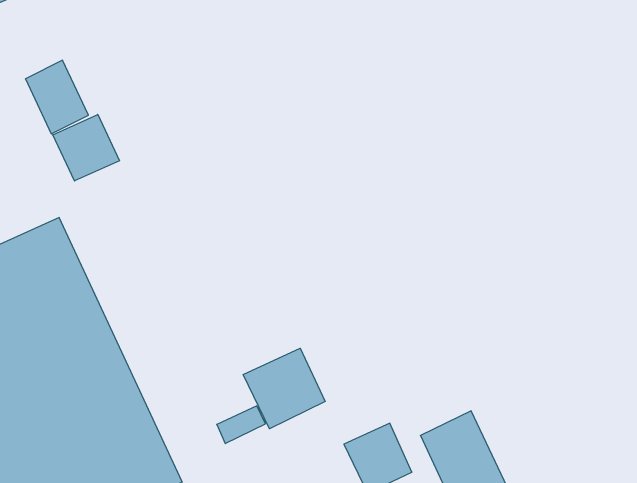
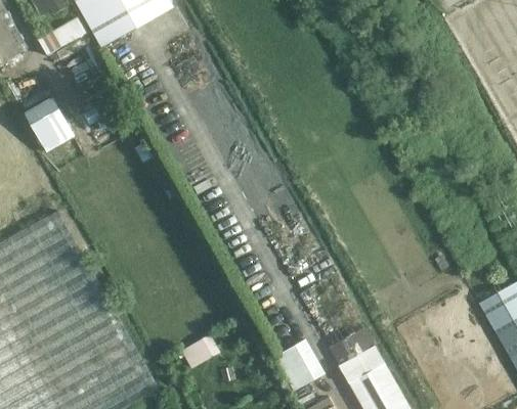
building: [53,114,120,181] -> none
building: [243,348,325,429] -> none

